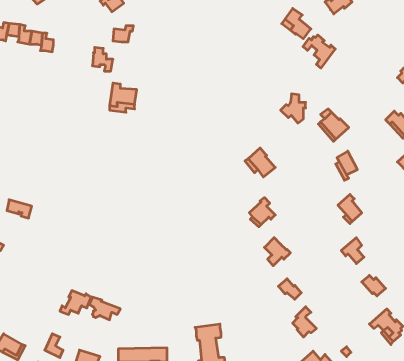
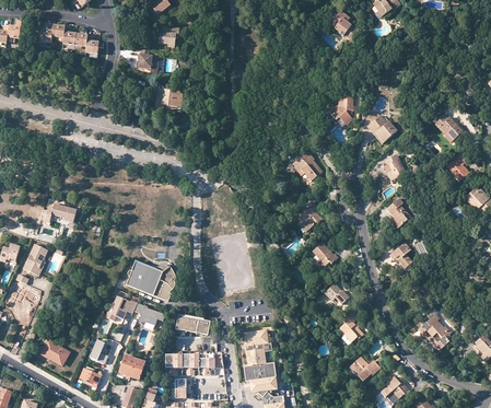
building: [303,35,335,68] -> none
building: none -> [125,260,175,301]
building: none -> [175,314,210,334]

